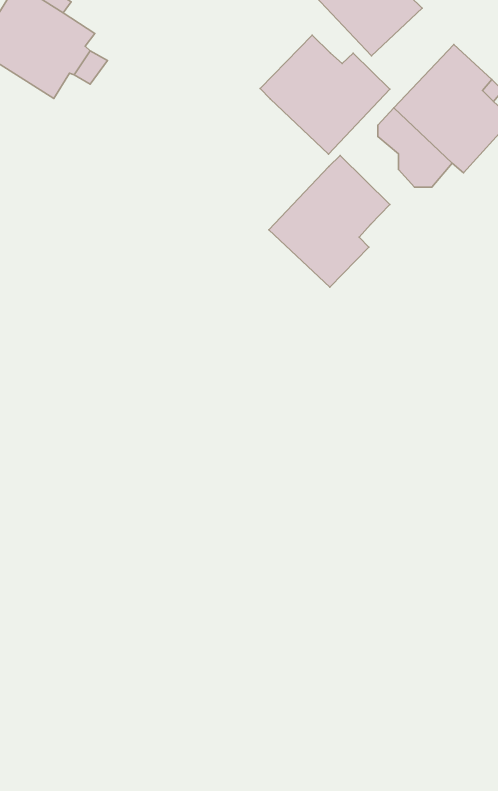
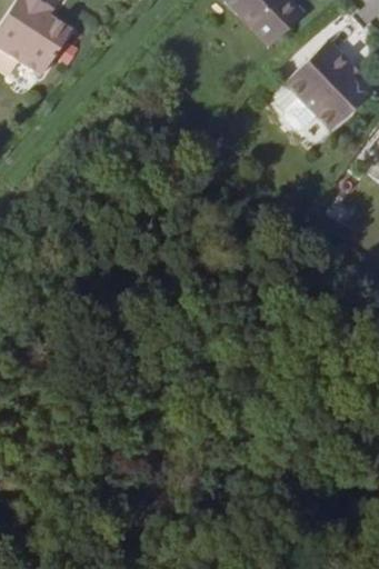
building: [260,35,390,154] -> none
building: [269,155,390,287] -> none

